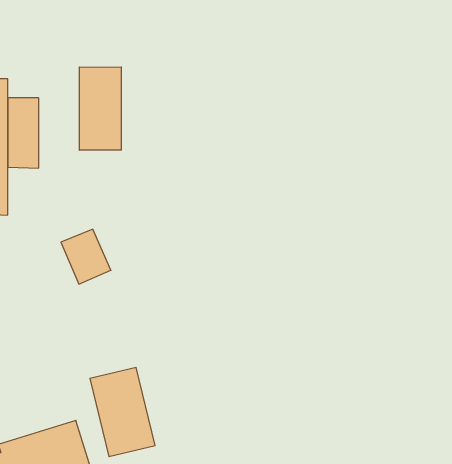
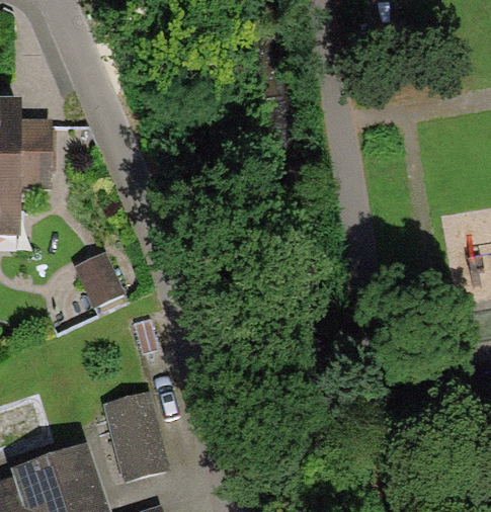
building: [79,67,121,150] -> none

